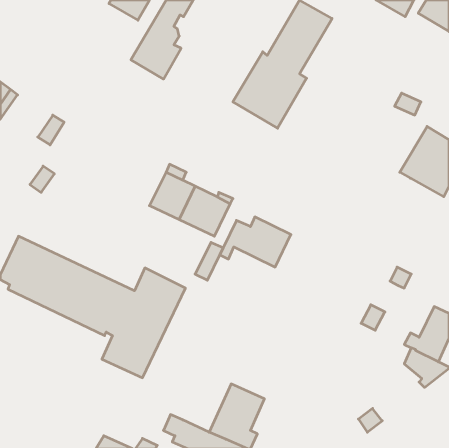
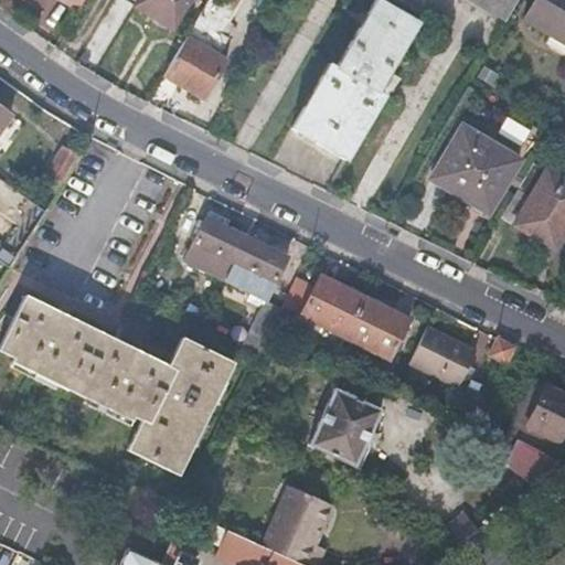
building: none -> [433,126,521,213]
building: none -> [345,296,409,358]
building: none -> [409,326,477,385]
building: none -> [309,383,382,478]

